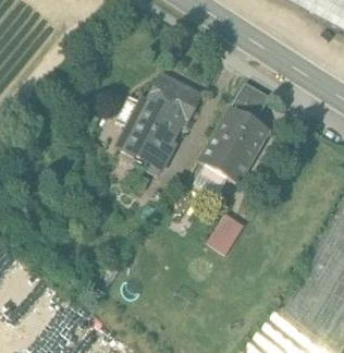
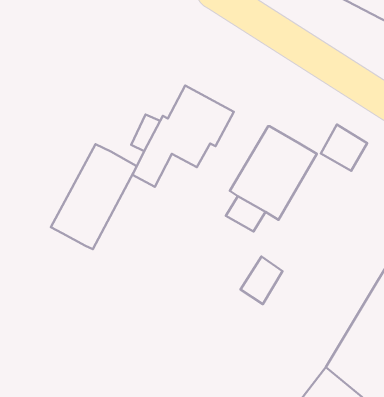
building: [231,83,269,121] -> [321,125,367,171]
building: none -> [51,144,136,249]
building: [136,130,175,170] -> none

